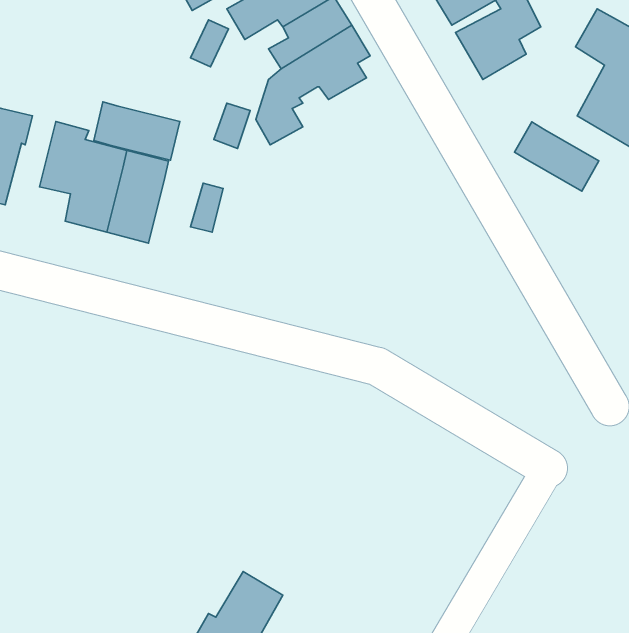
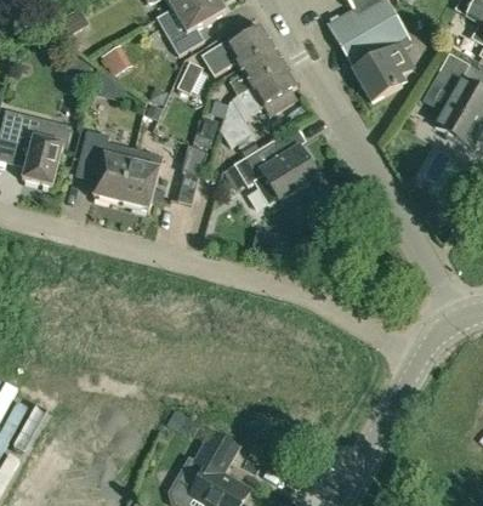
building: [94,102,180,160] -> none
building: [515,122,599,191] -> none
building: none -> [234,140,318,205]

